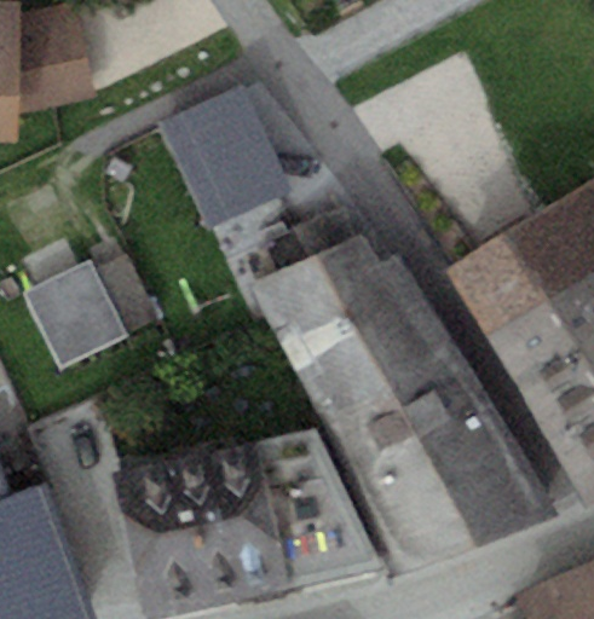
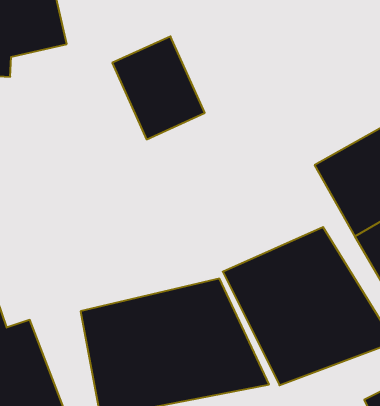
building: [249,228,459,413] -> none
building: [24,251,162,365] -> none

